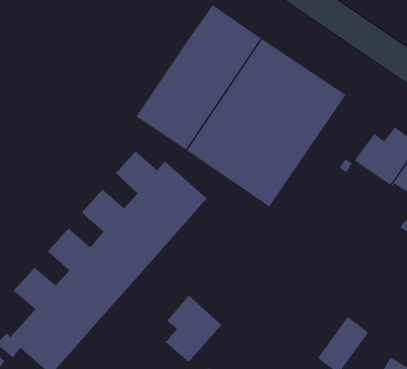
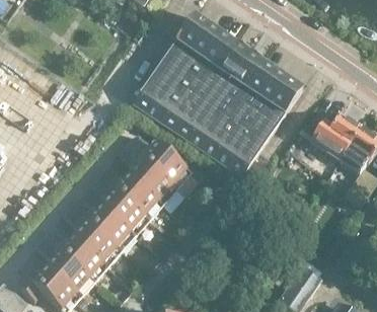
building: [165,294,222,363] -> none

